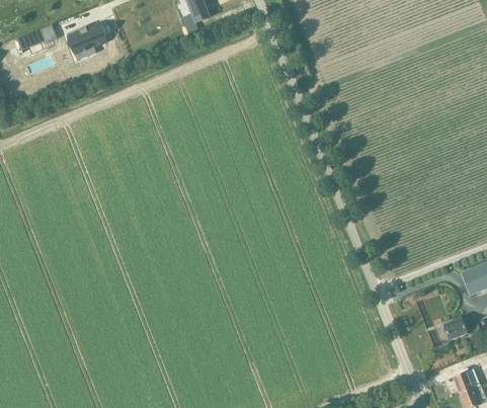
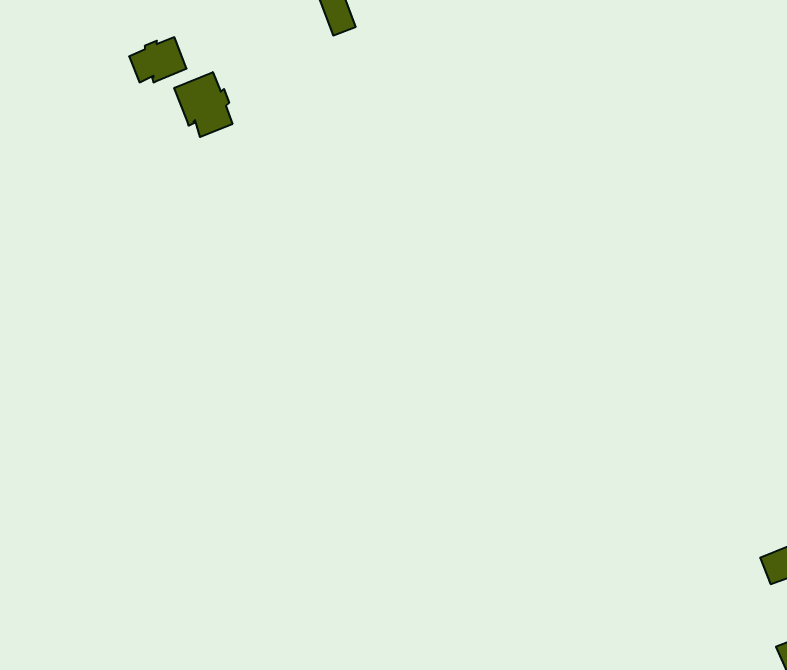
building: none -> [174,72,232,137]

